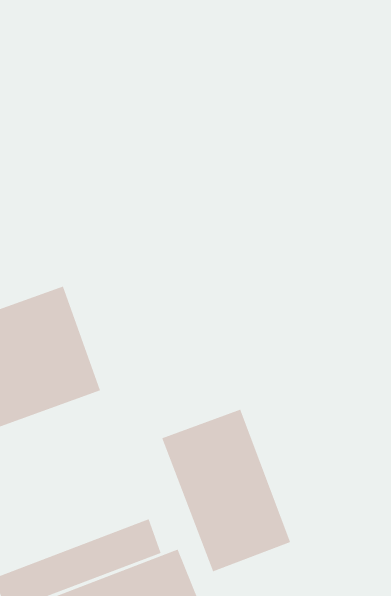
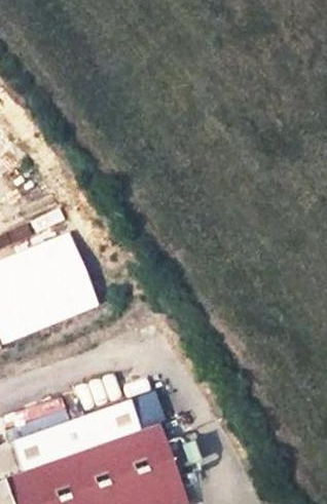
building: [162,409,291,572] -> none

